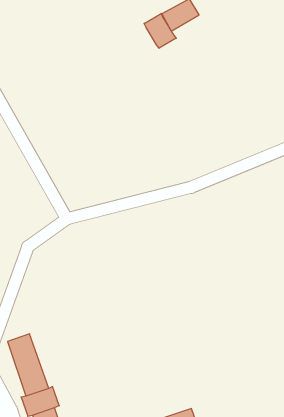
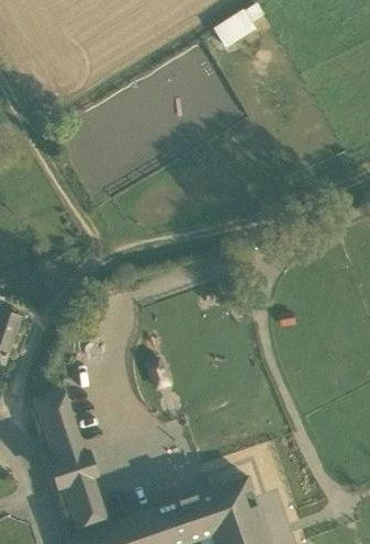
building: [144,13,176,48] -> none

